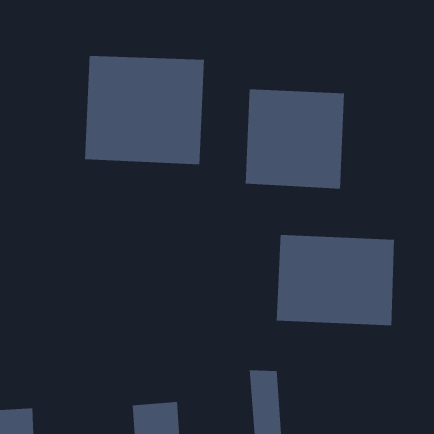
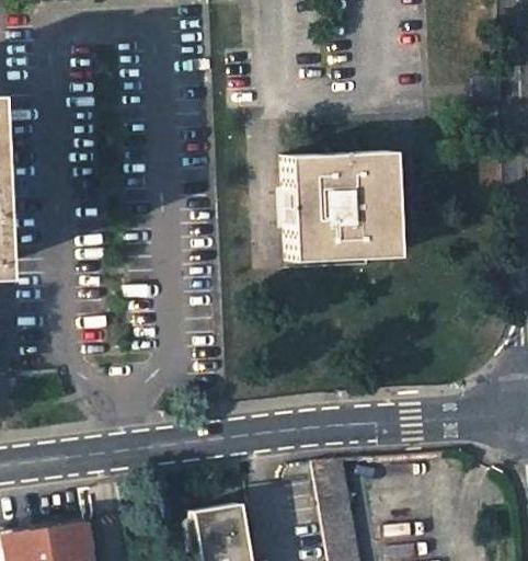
building: [84,55,204,165] -> none
building: [276,234,394,326] -> none

